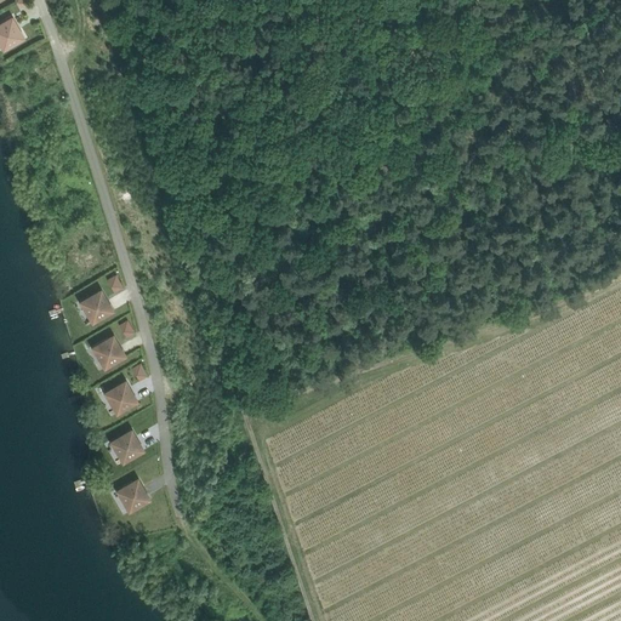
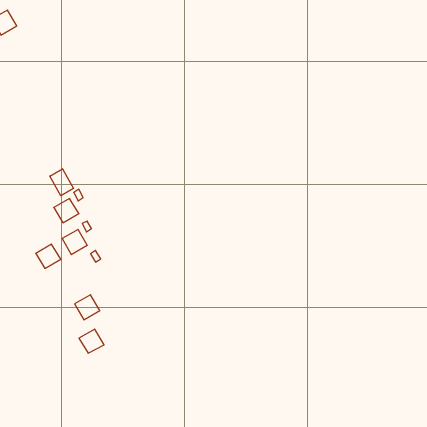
building: none -> [50,169,74,196]
building: [102,380,138,415] -> [36,244,61,268]

